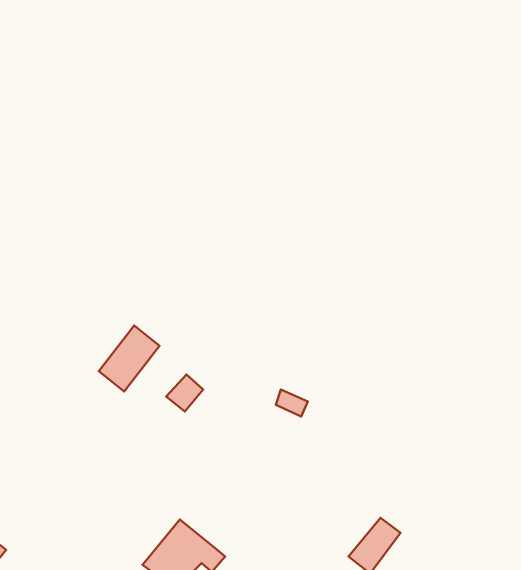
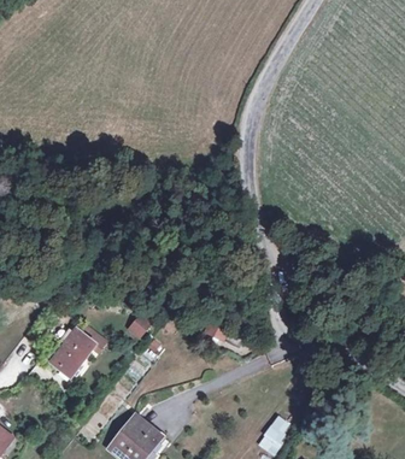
building: [99,326,160,391] -> [51,329,94,376]

